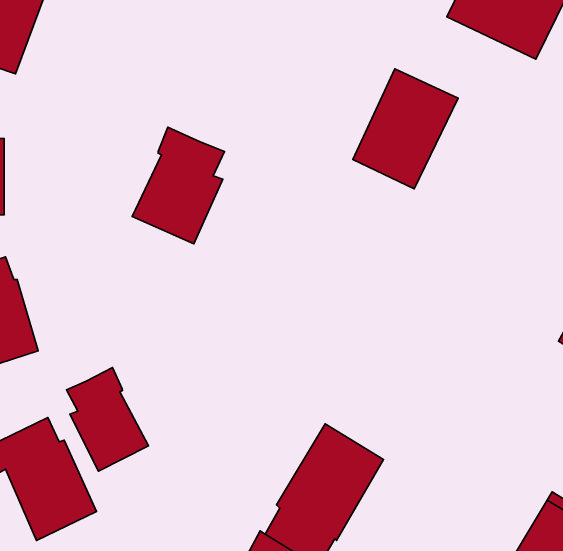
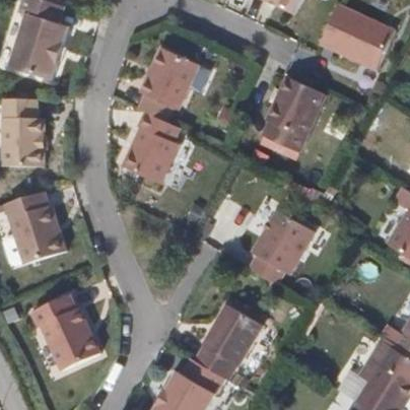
building: none -> [137,48,198,121]
building: none -> [249,209,315,284]
building: [67,368,148,471] -> none

